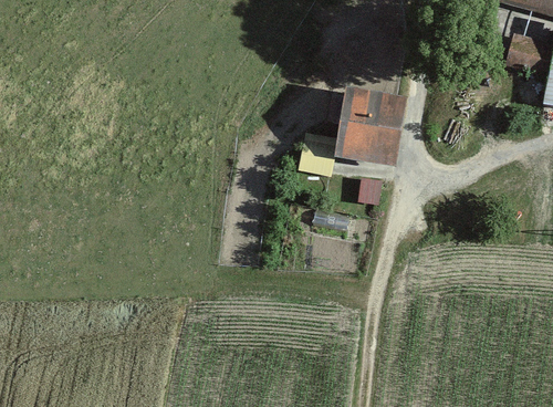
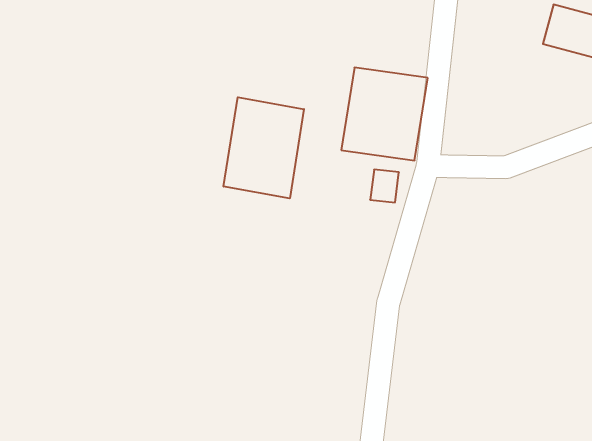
building: none -> [224,97,304,198]

